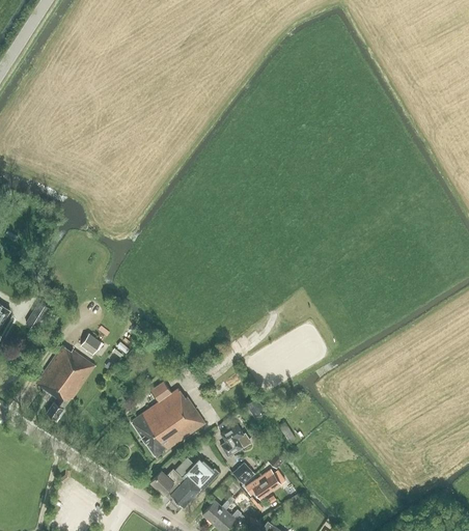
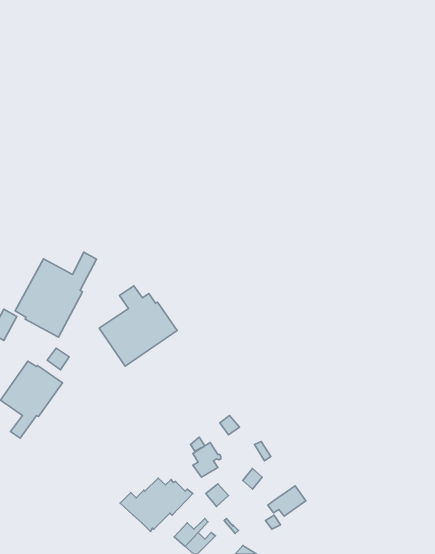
building: none -> [15,252,96,337]
building: [131,381,205,457] -> [99,286,177,366]
building: [245,469,281,498] -> [268,486,306,516]

